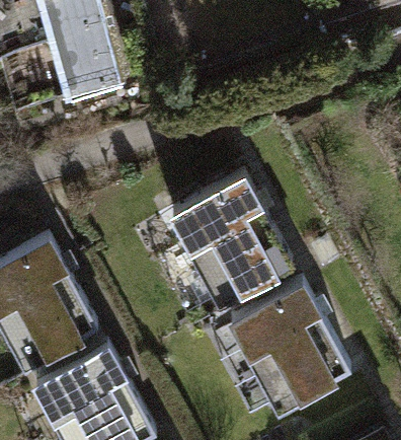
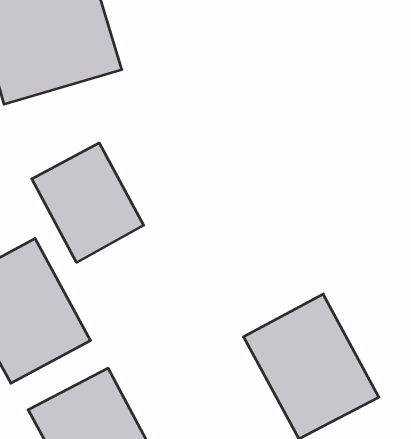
building: none -> [32,143,144,262]
building: [168,177,286,304] -> none

